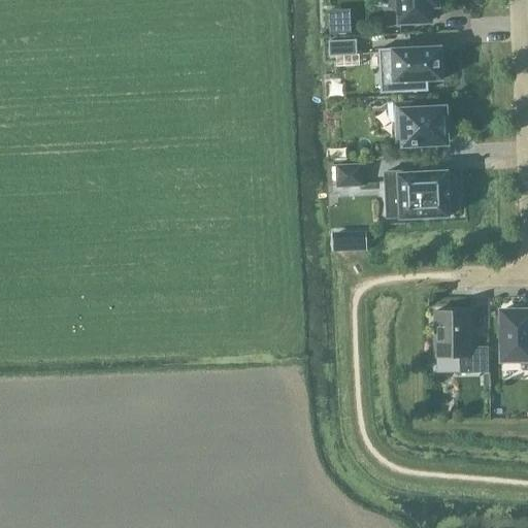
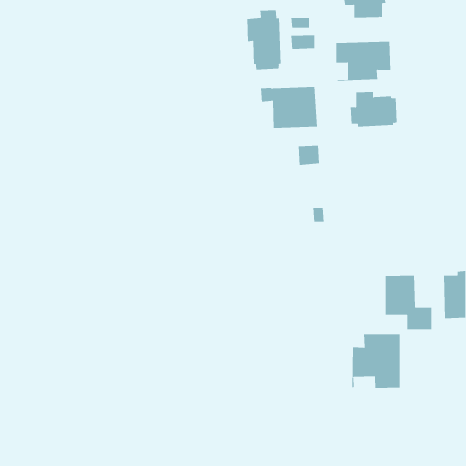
building: none -> [247,10,281,71]
building: [384,170,449,218] -> [260,86,318,129]
building: none -> [352,334,400,389]

